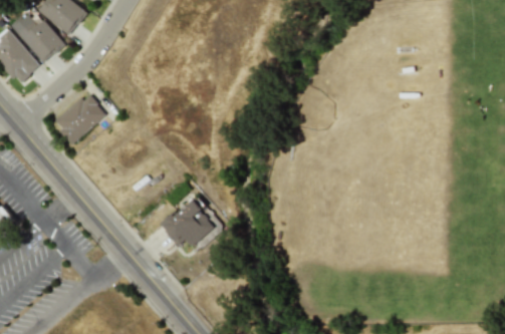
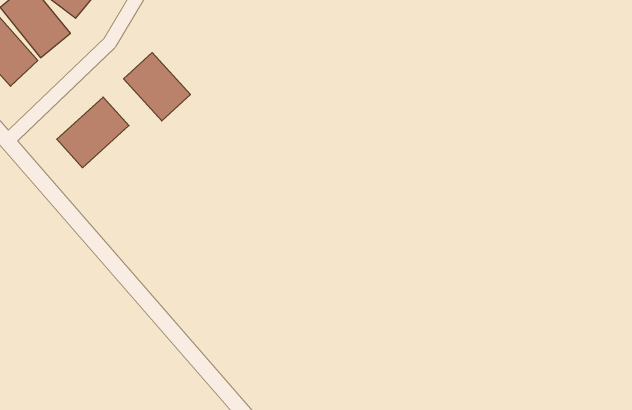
building: none -> [124,53,190,121]
building: [159,200,216,247] -> none

